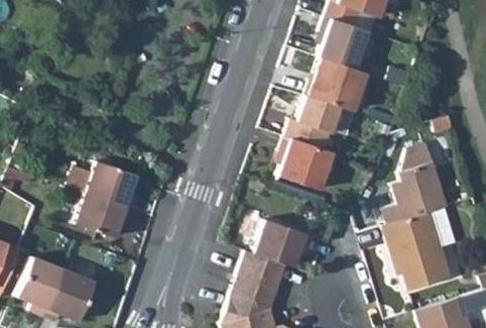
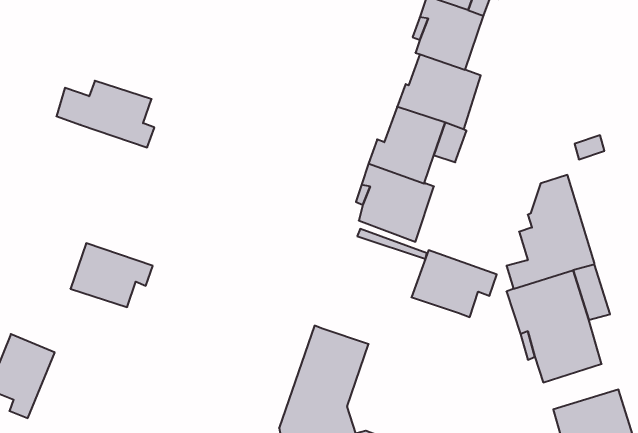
building: [69,160,138,208] -> [56,81,154,147]
building: [253,219,314,266] -> [411,250,497,317]
building: [44,269,95,321] -> none

